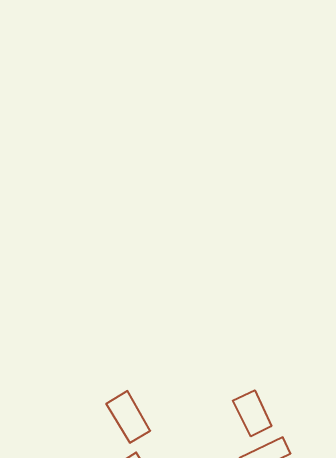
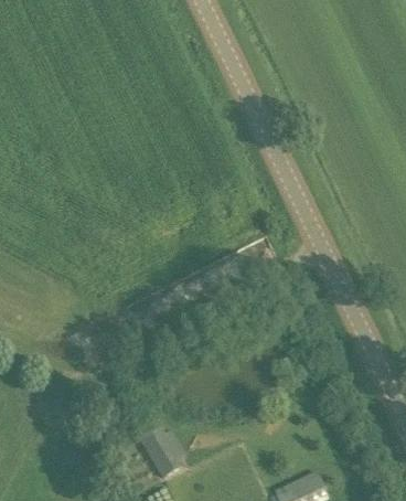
building: [233,390,271,436] -> none

